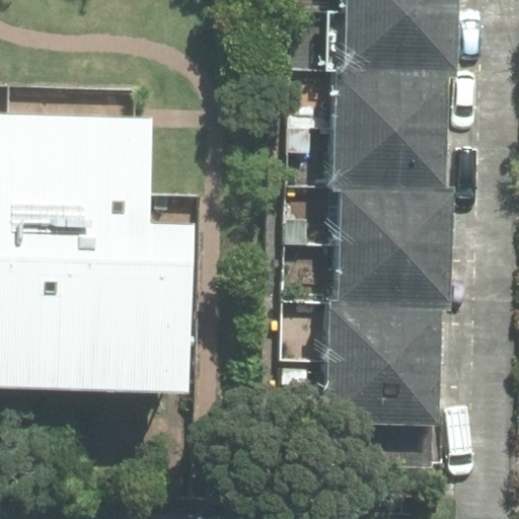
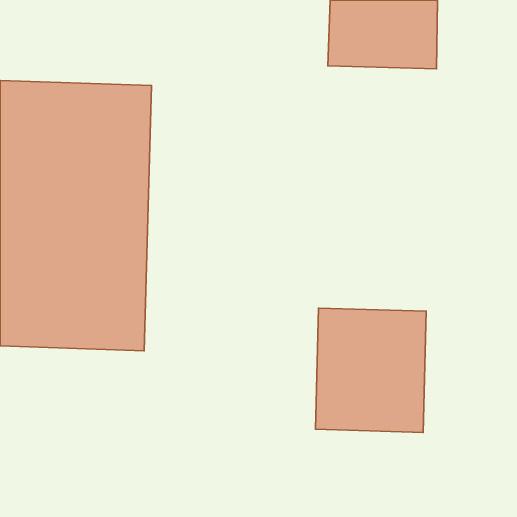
building: [322,80,440,201] -> none
building: [326,202,436,316] -> none

